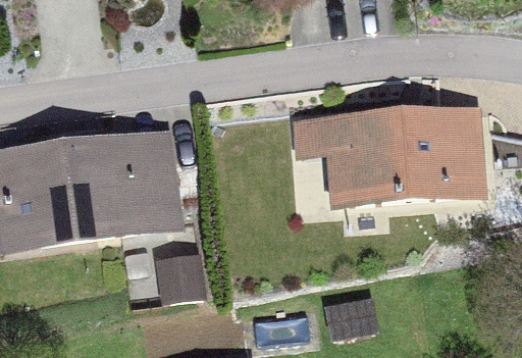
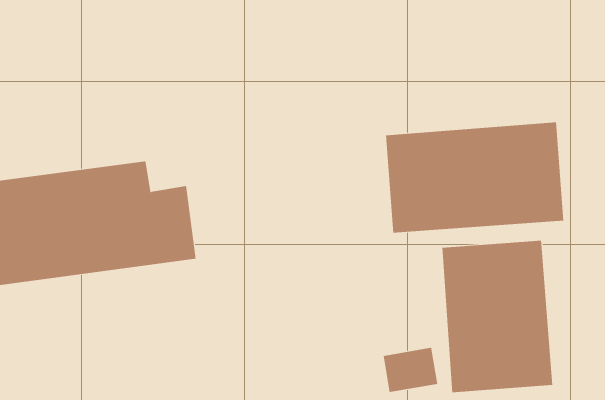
building: none -> [442,240,553,393]

